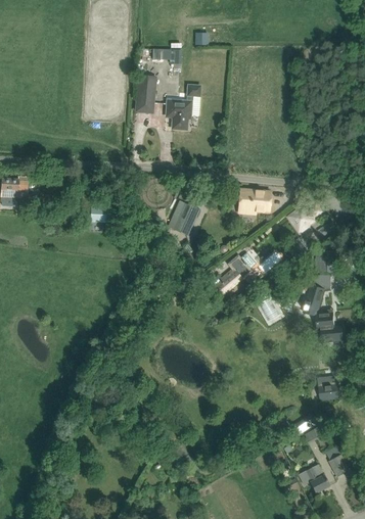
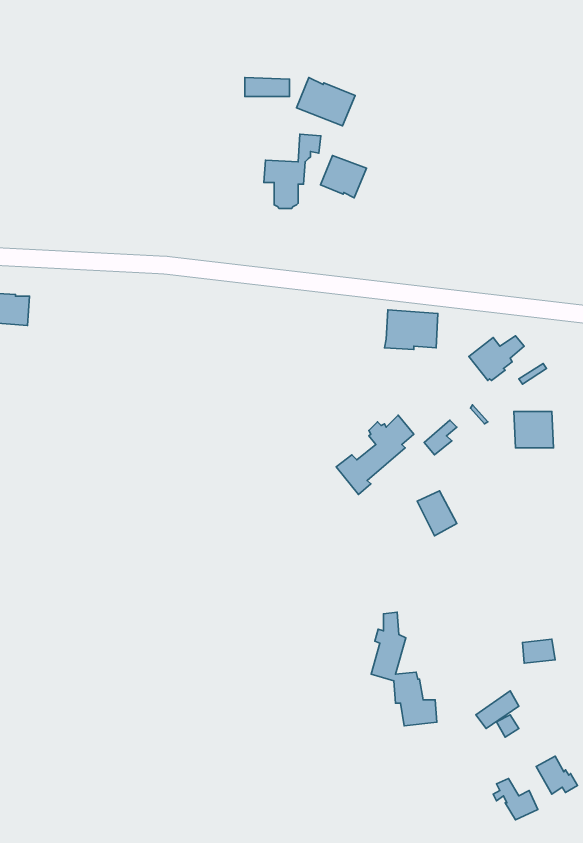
building: none -> [296,78,355,126]
building: [137,76,155,103] -> none
building: none -> [321,155,366,198]
building: [168,200,199,235] -> none
building: [304,275,343,342] -> [371,612,437,726]

